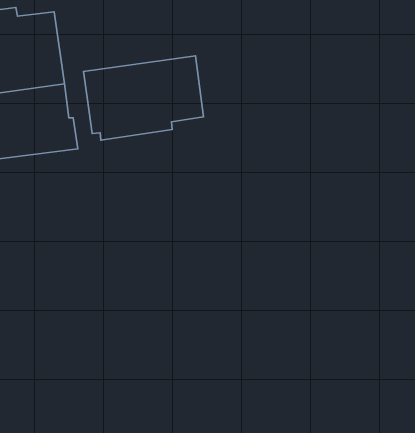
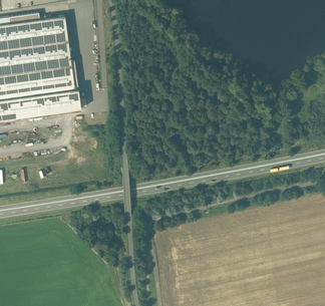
building: [84,56,204,140] -> none

